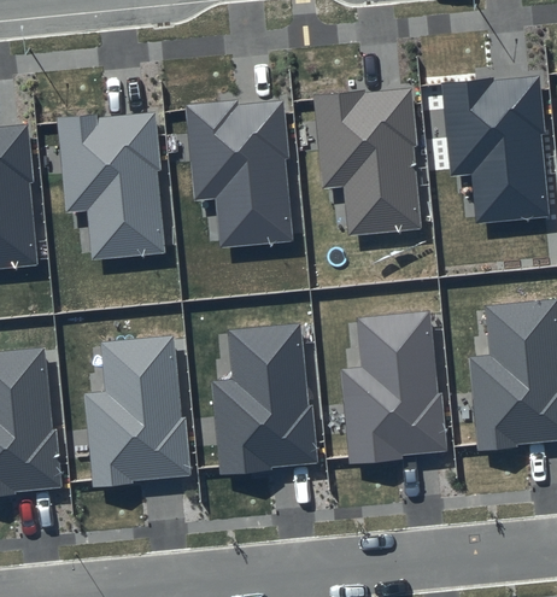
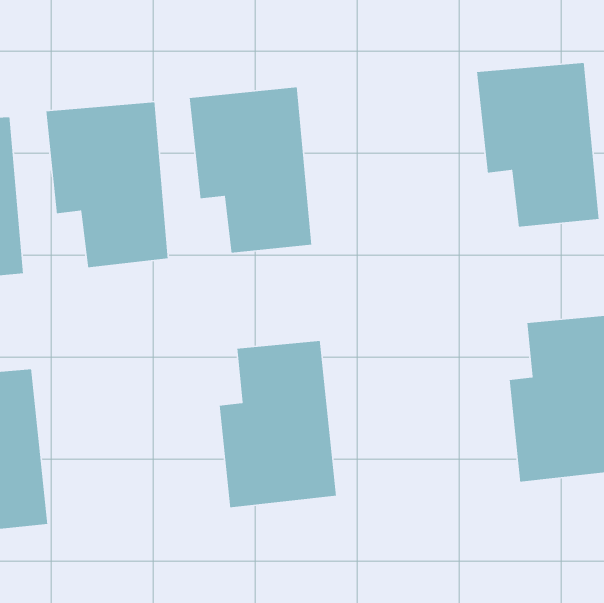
building: [312,88,422,235] -> none
building: [339,311,445,462] -> none
building: [83,335,189,486] -> none

